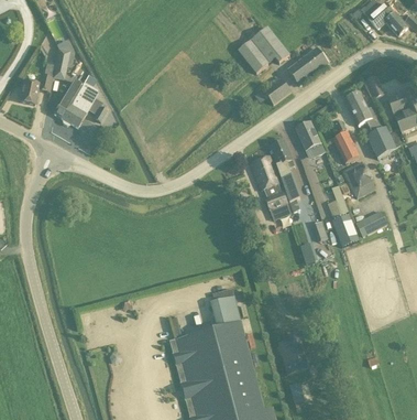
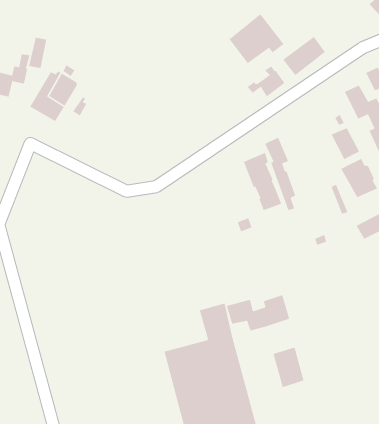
building: [294,121,323,155] -> none
building: [330,213,358,246] -> none
building: none -> [226,294,290,332]

